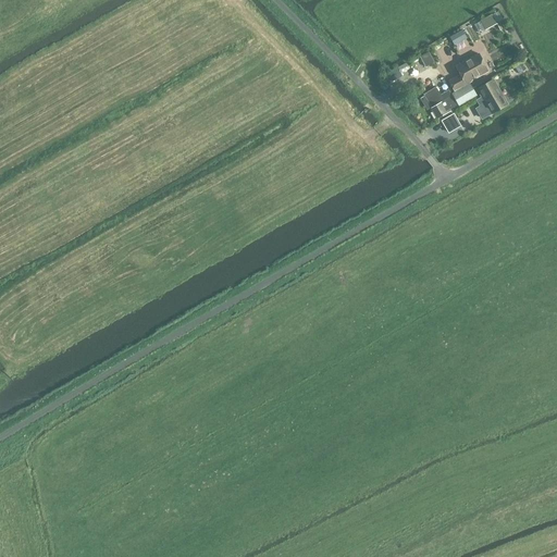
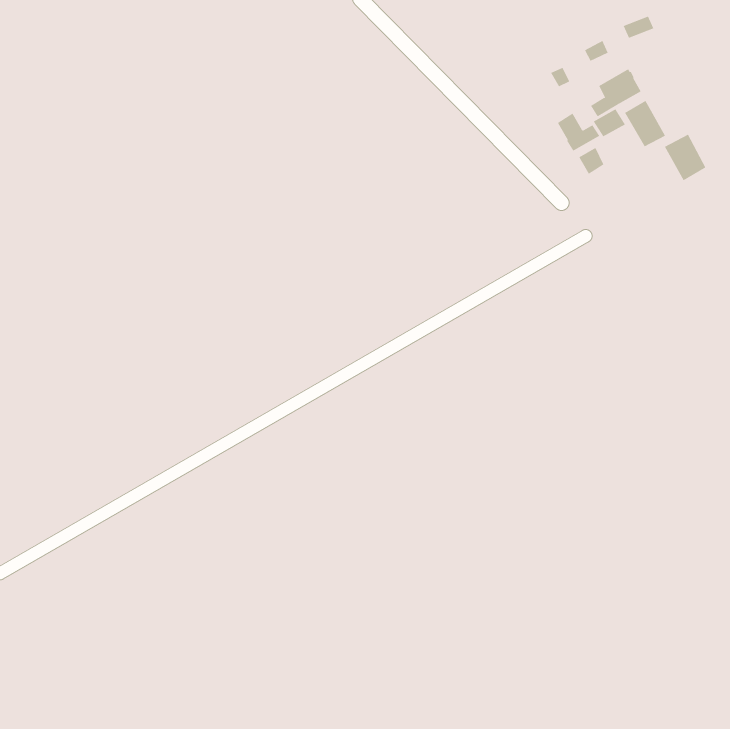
building: none -> [664,134,706,181]

